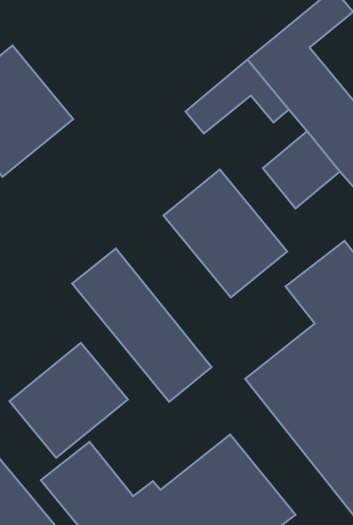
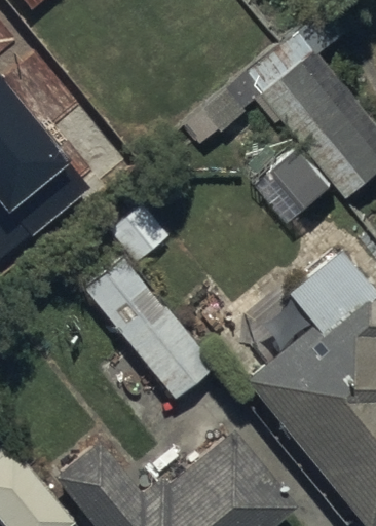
building: [163,170,287,298] -> none
building: [9,343,128,458] -> none

